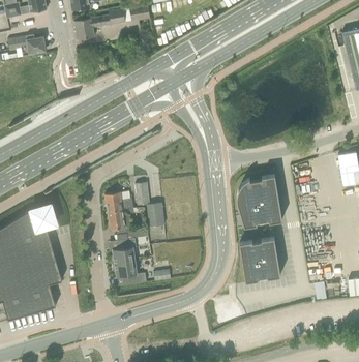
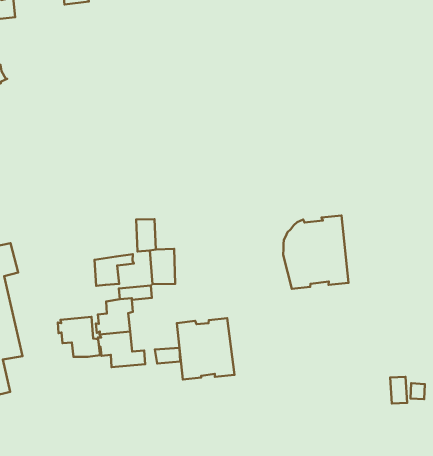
building: [106,192,134,213] -> none
building: [240,238,281,281] -> [177,318,235,380]
building: none -> [58,317,100,357]

